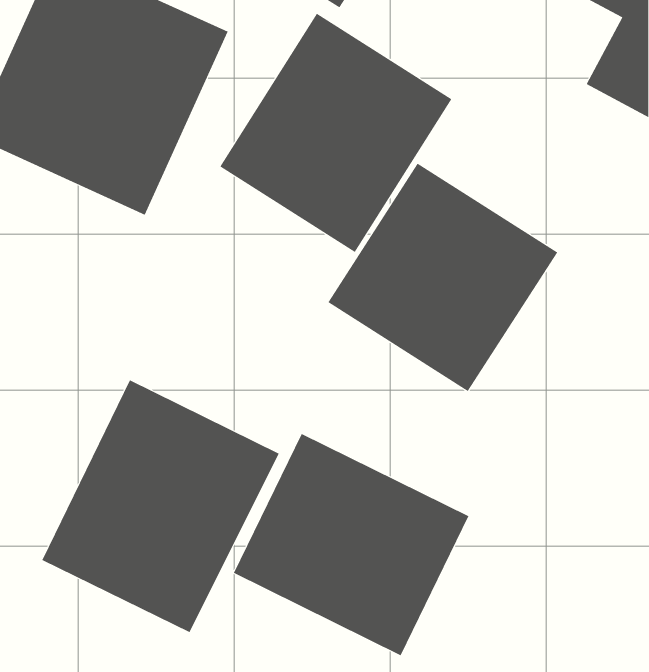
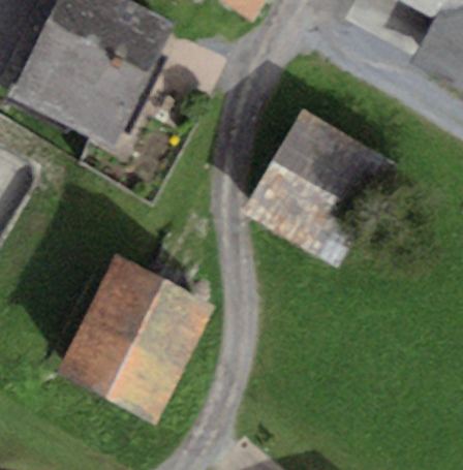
building: [220,13,452,253] -> none
building: [233,433,469,656] -> none

